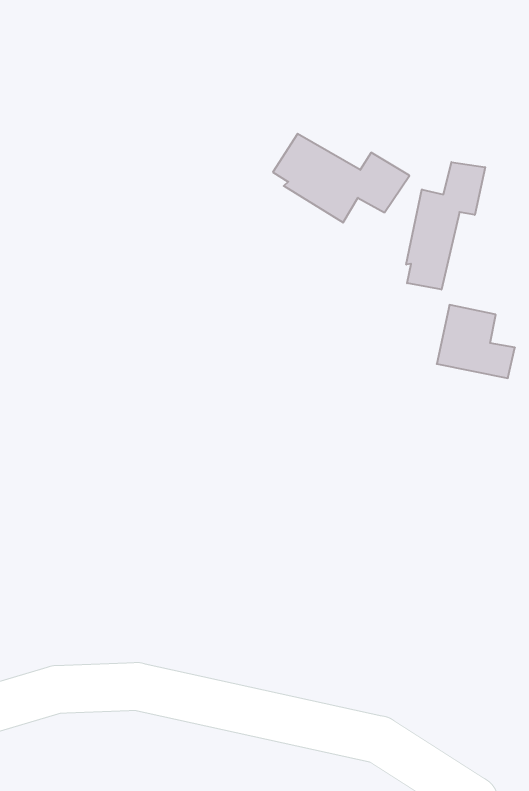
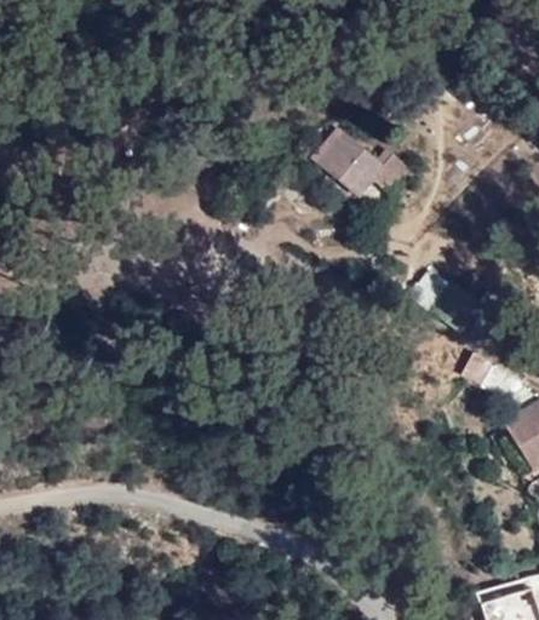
building: [406,162,485,290] -> none

